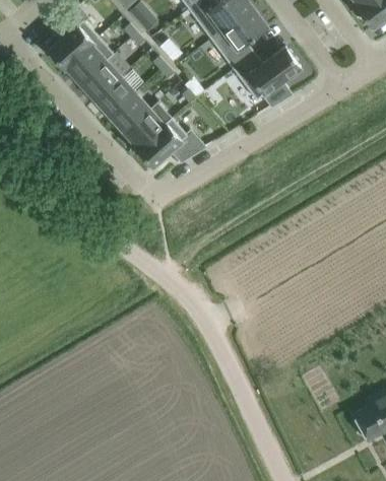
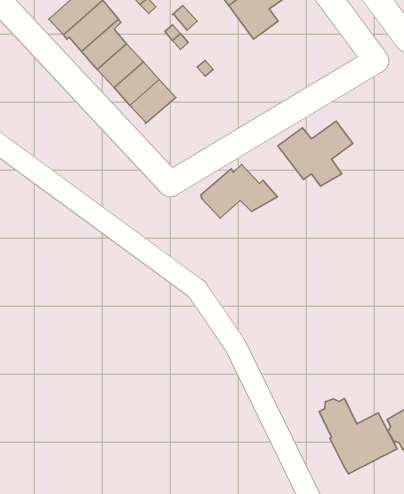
building: [234,47,302,106] -> [278,121,353,186]
building: [136,118,205,166] -> [201,164,277,218]
building: none -> [319,398,397,474]

